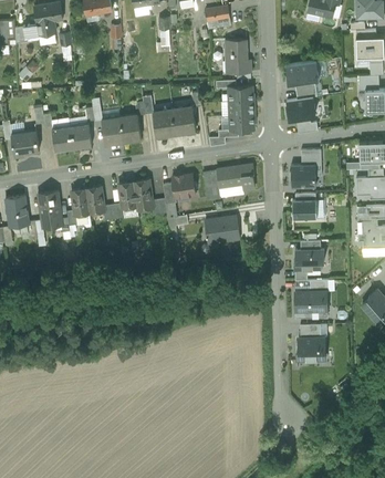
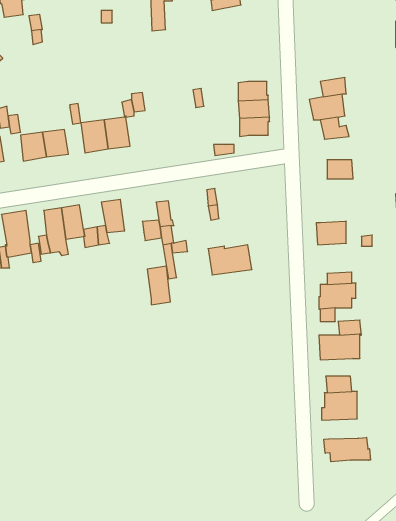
building: [222,40,250,73] -> none
building: [287,62,320,84] -> none
building: [153,106,196,136] -> none
building: [217,164,254,195] -> none
building: [291,165,315,187] -> none
building: [173,174,197,198] -> none
building: [134,179,153,210] -> [147,266,170,305]
building: none -> [324,437,370,462]

